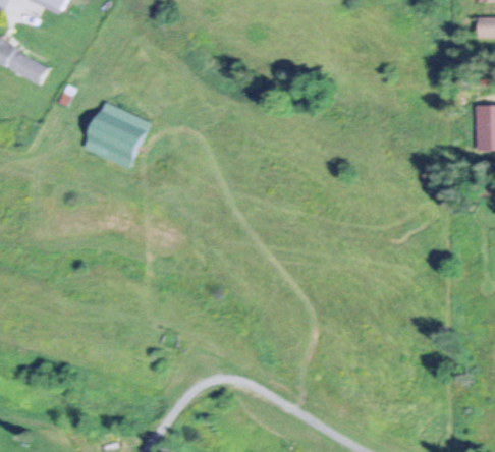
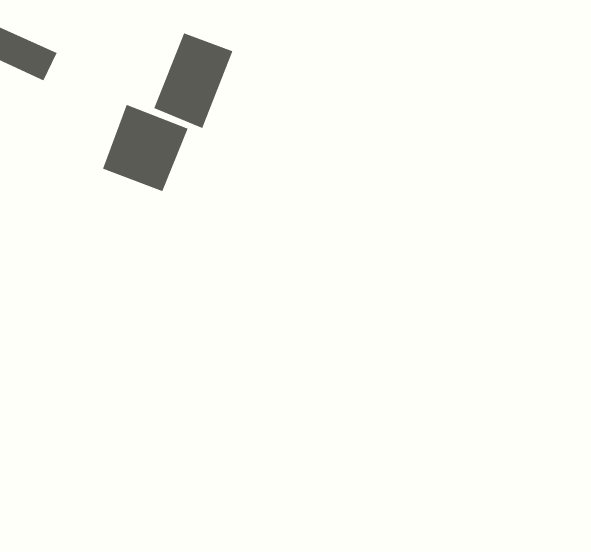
building: none -> [154,33,233,129]

